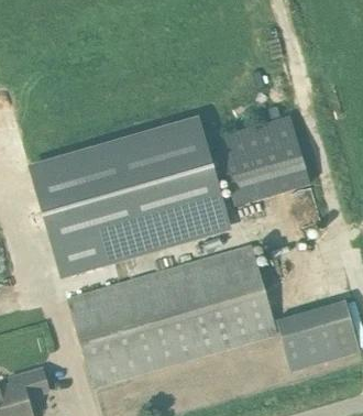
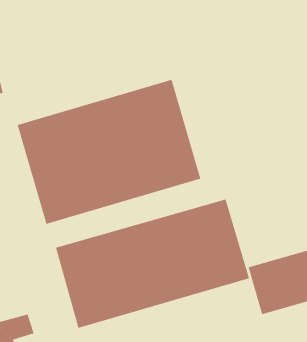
building: [214,116,310,207] -> none

